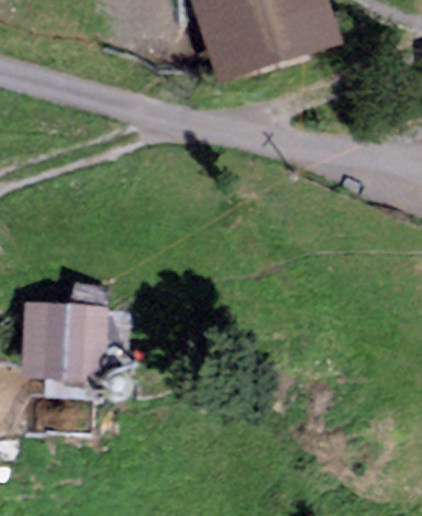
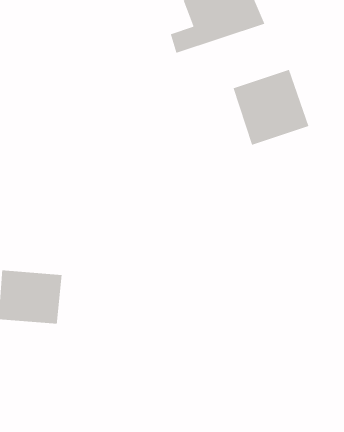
building: none -> [232,69,310,146]

